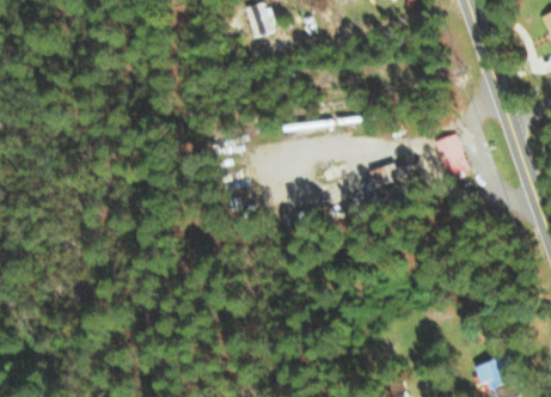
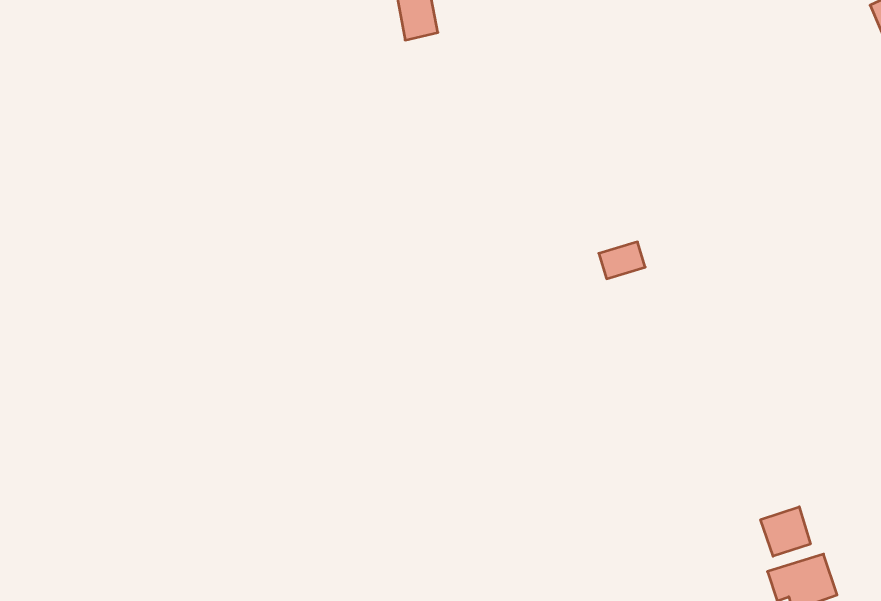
building: [435,133,467,176] -> none
building: none -> [761,507,810,556]

